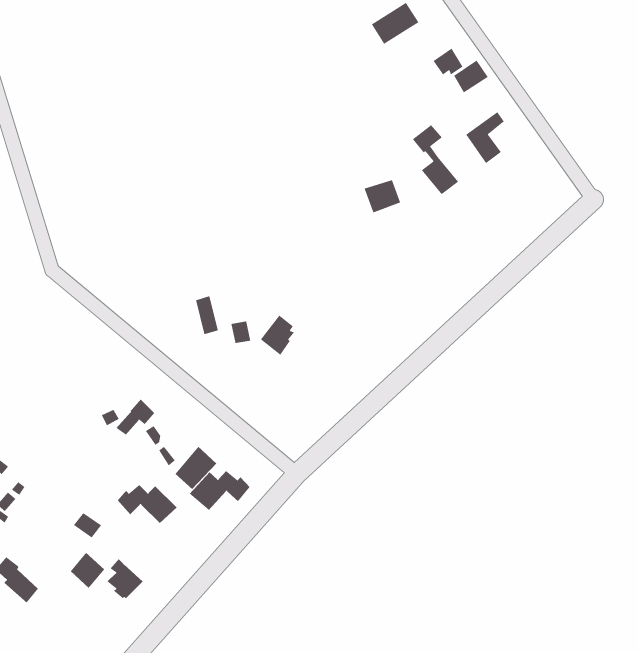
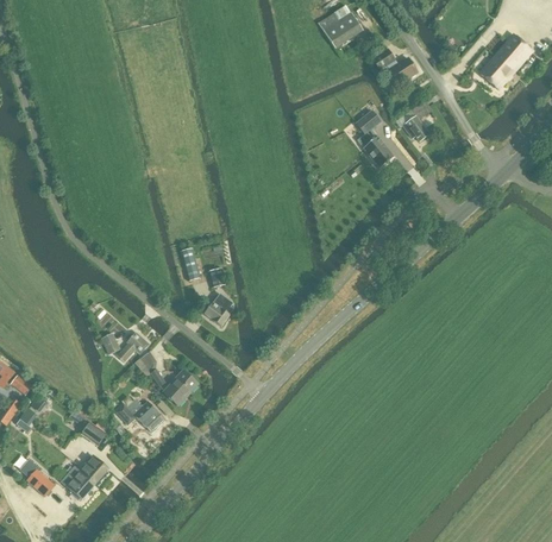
building: none -> [478,33,532,89]
building: [363,179,401,214] -> none
building: [260,314,295,356] -> [203,292,232,326]
building: [189,470,250,511] -> none
building: [107,558,143,599] -> [64,465,94,498]

